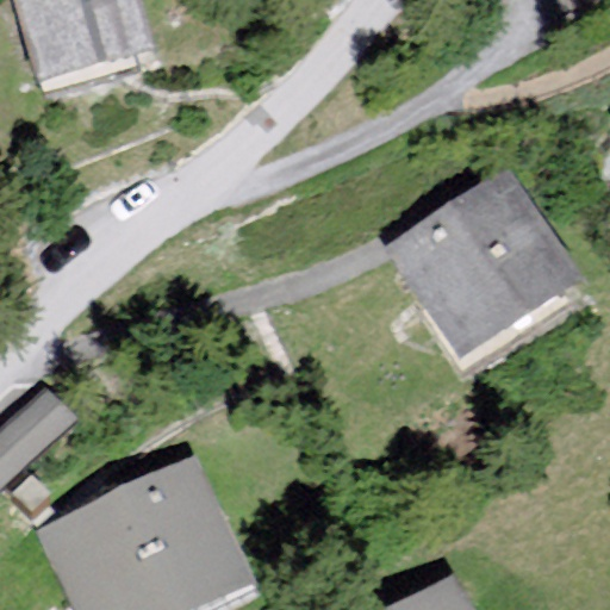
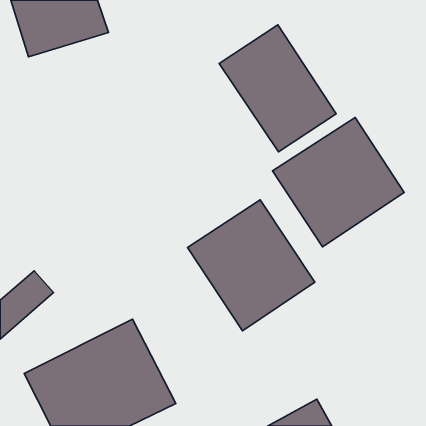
building: none -> [219,25,336,152]
building: none -> [188,200,315,331]

